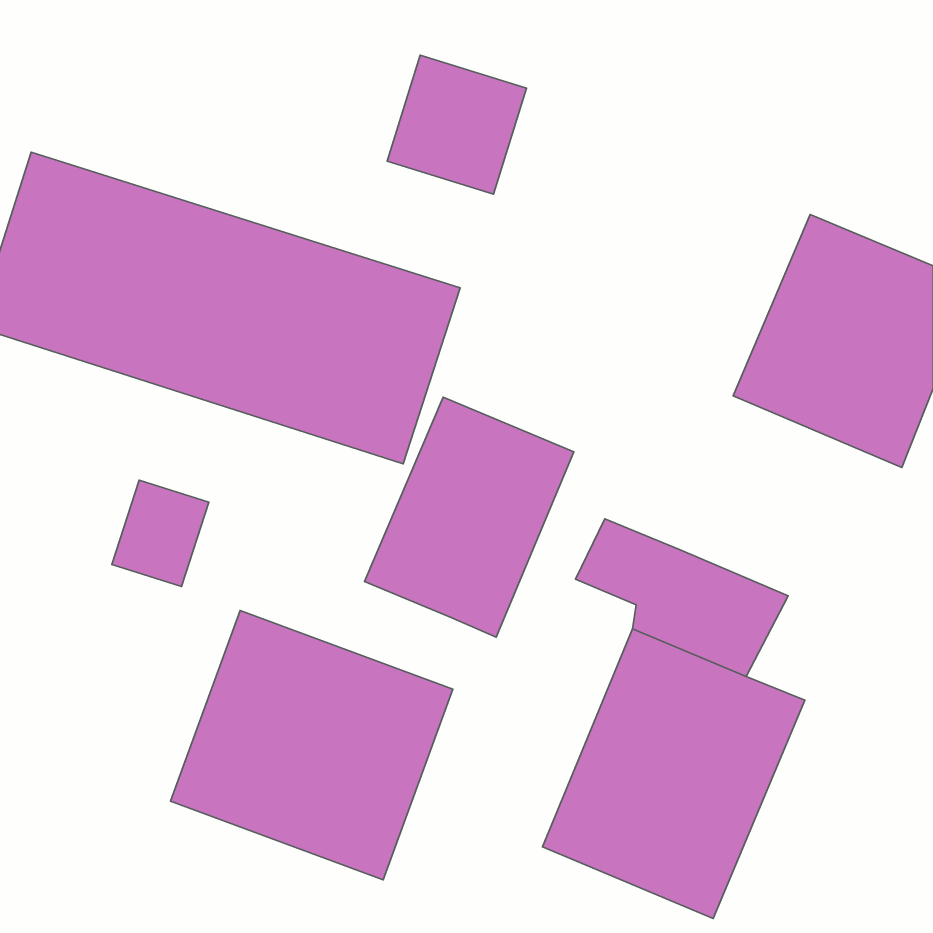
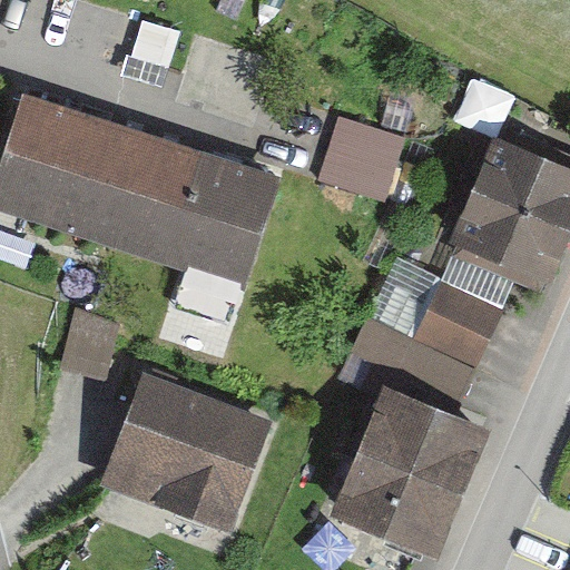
building: [387,55,526,194] -> [317,118,402,203]
building: [365,397,574,637] -> none
building: none -> [413,283,501,364]

